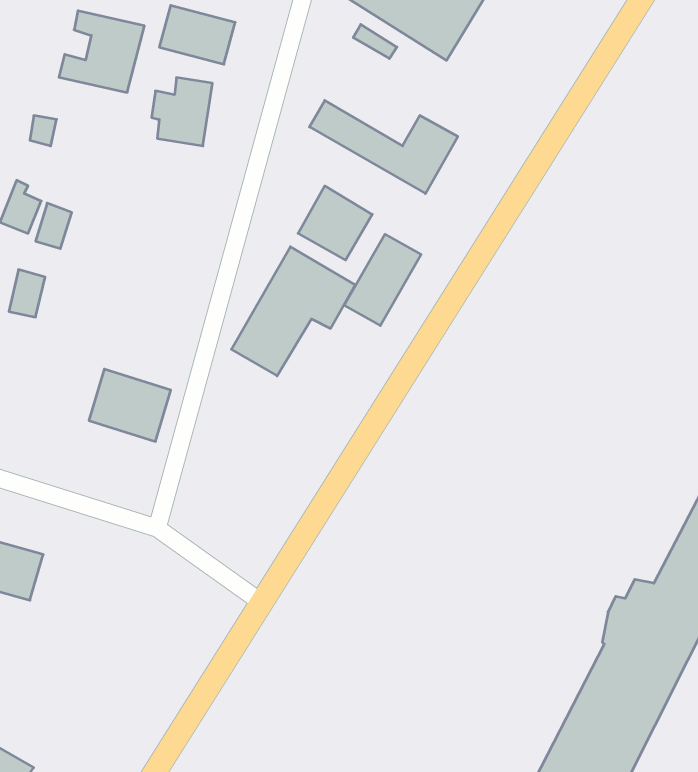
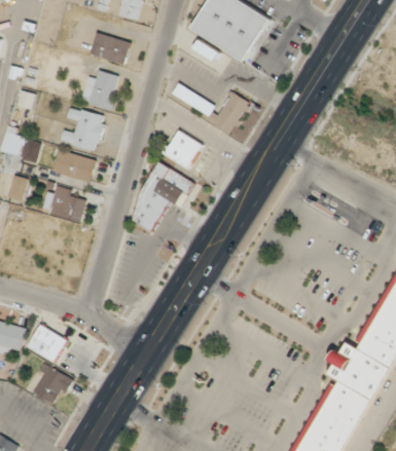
building: [59,11,144,92] -> [61,107,107,151]
building: none -> [52,150,96,181]
building: [344,234,421,326] -> none
building: [89,369,171,441] -> [43,184,87,223]
building: none -> [29,325,68,362]
building: none -> [34,366,73,403]

